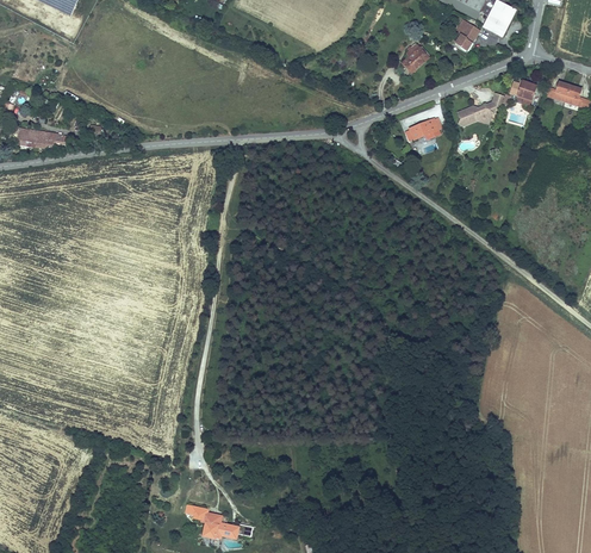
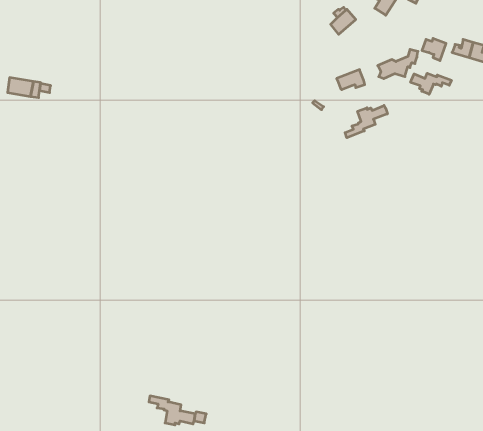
building: none -> [411,73,451,94]
building: none -> [345,105,387,138]

